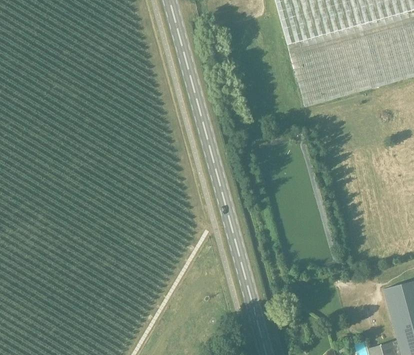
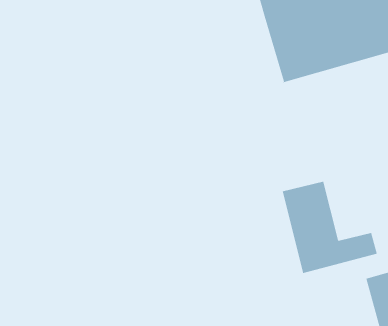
building: none -> [282,181,377,274]

